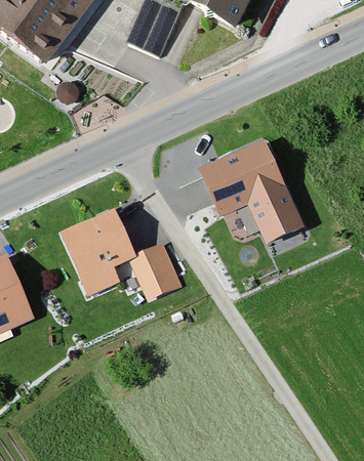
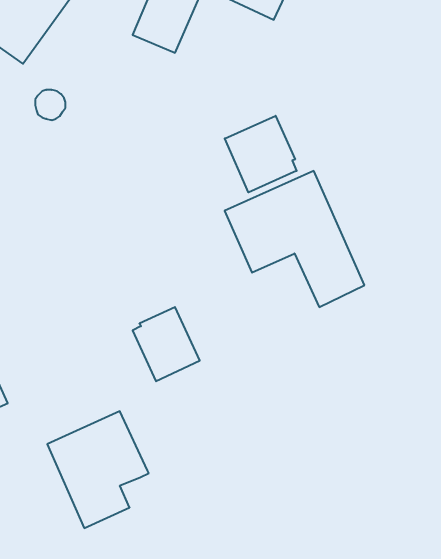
building: none -> [225,116,297,192]
building: [59,210,135,297] -> [47,411,149,528]

